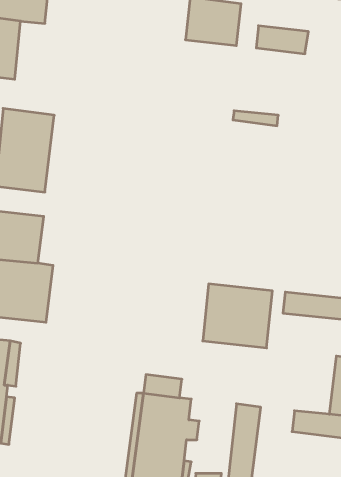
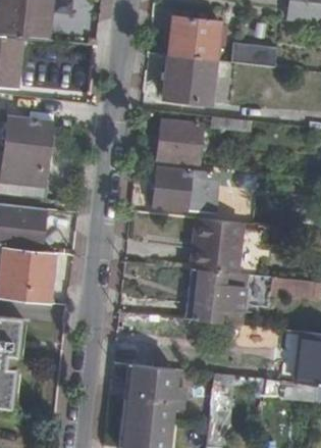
building: none -> [164,54,214,102]
building: none -> [155,120,198,162]
building: none -> [152,167,211,213]
building: none -> [190,217,244,273]

